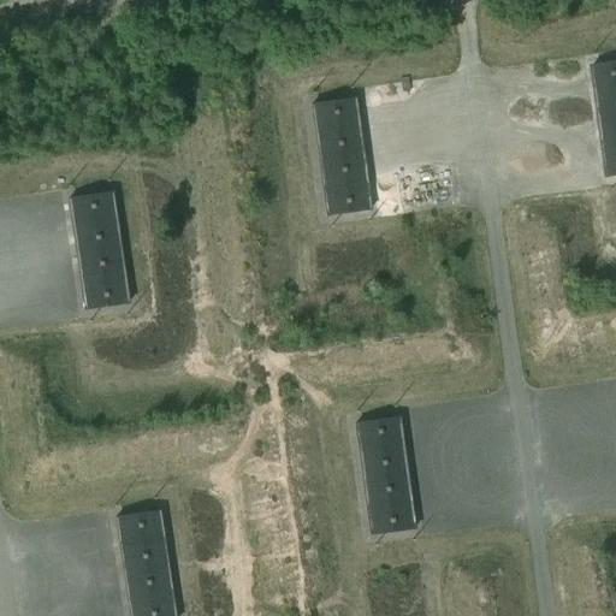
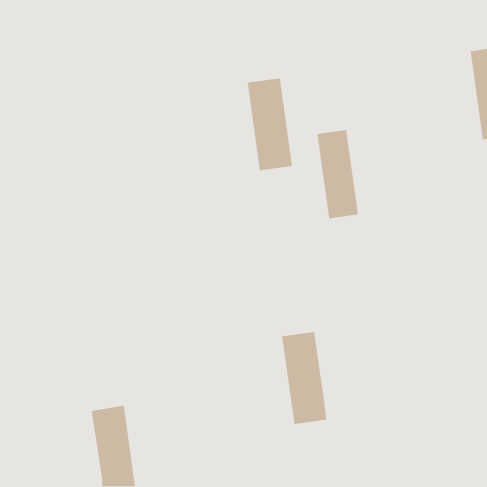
building: none -> [317,129,359,219]
building: [70,191,129,309] -> none

